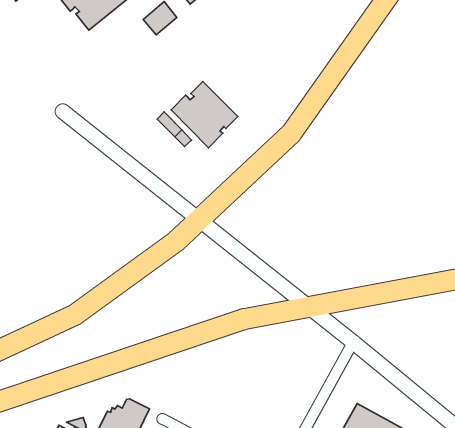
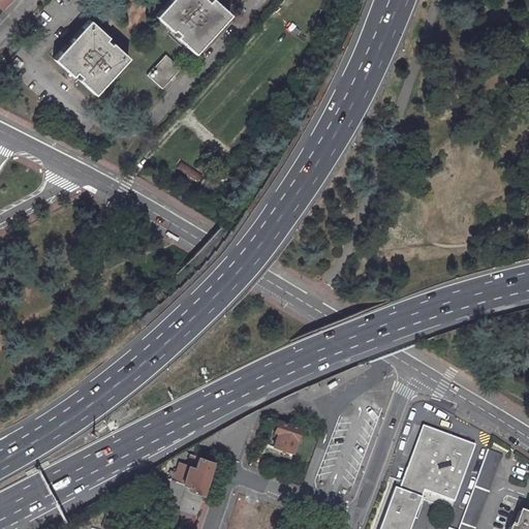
building: [171,81,238,148] -> none
building: none -> [275,427,302,460]

